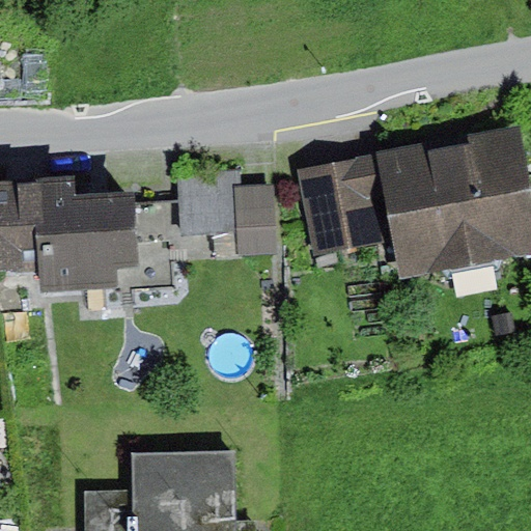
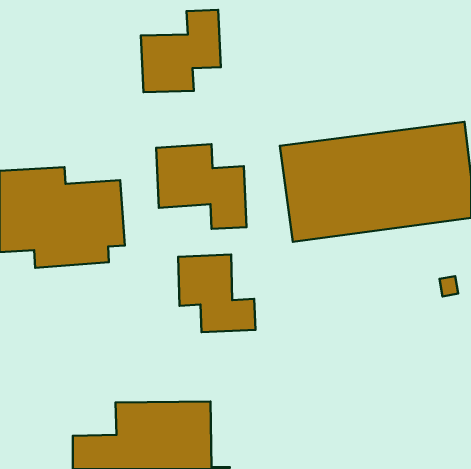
building: none -> [141,10,221,92]
building: none -> [178,254,255,332]

